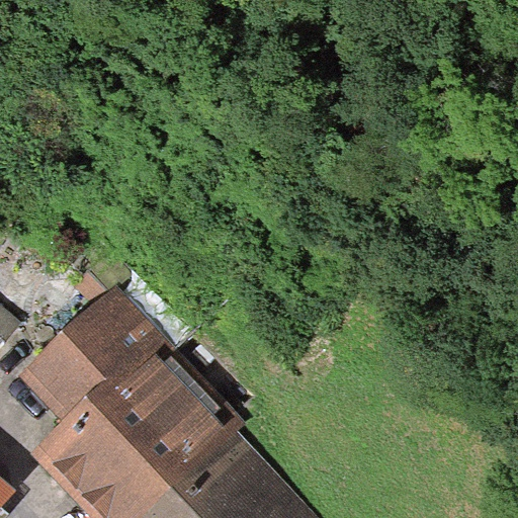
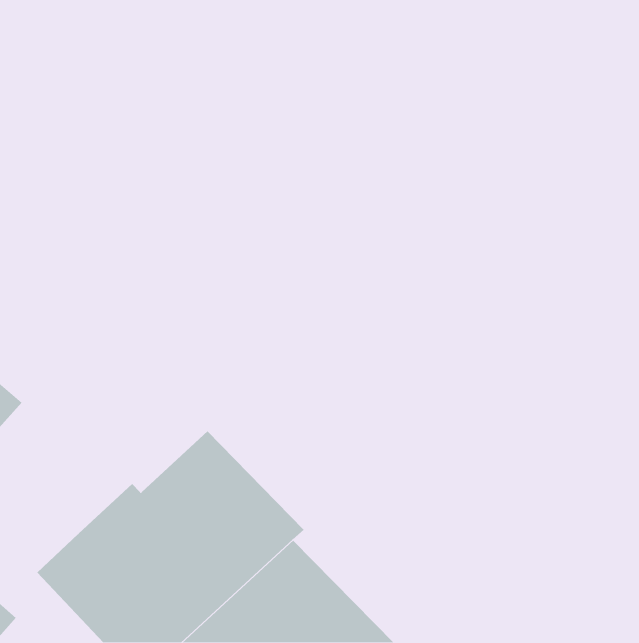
building: [18,290,167,429] -> none

